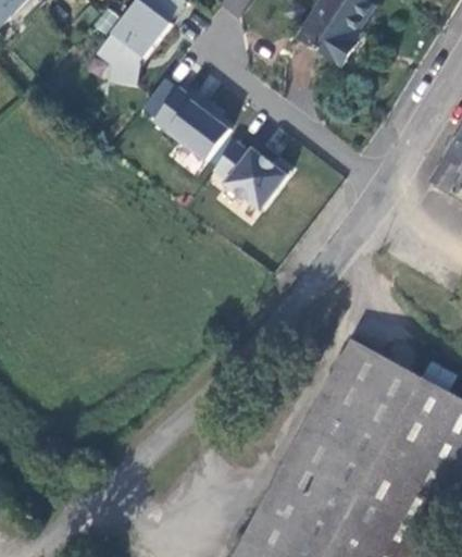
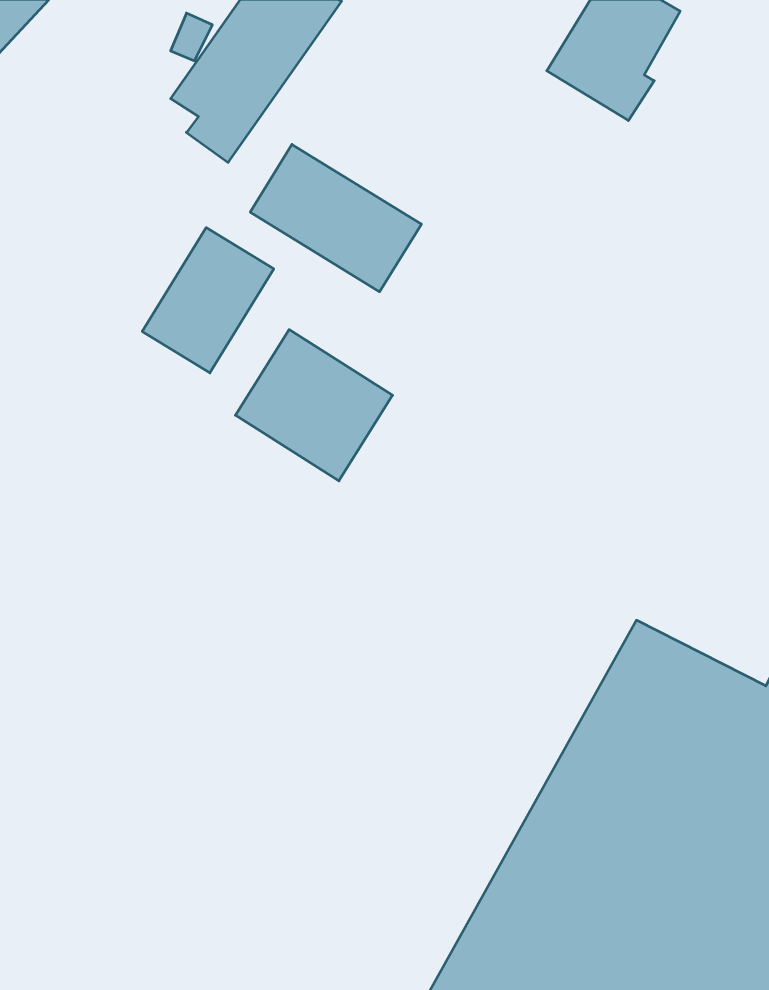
building: none -> [142,228,274,373]
building: [205,134,291,216] -> [235,330,393,481]

